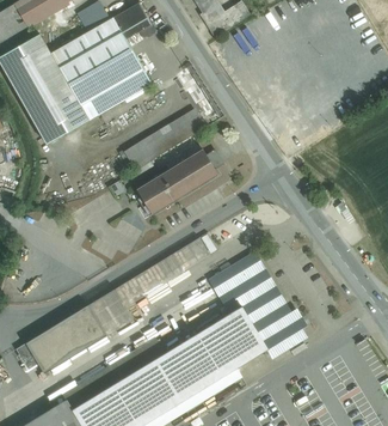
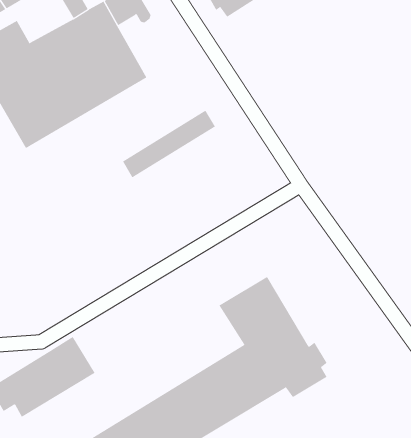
building: [136,148,217,214] -> none
building: [87,237,209,335] -> none

